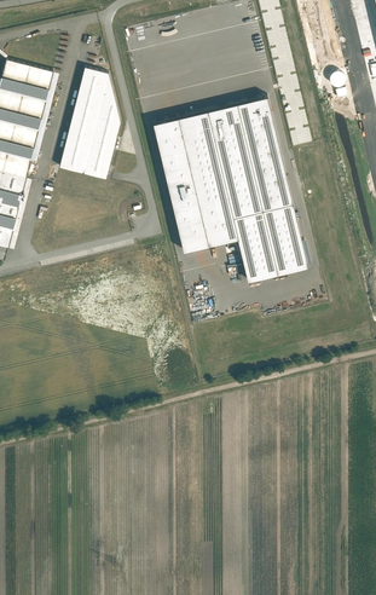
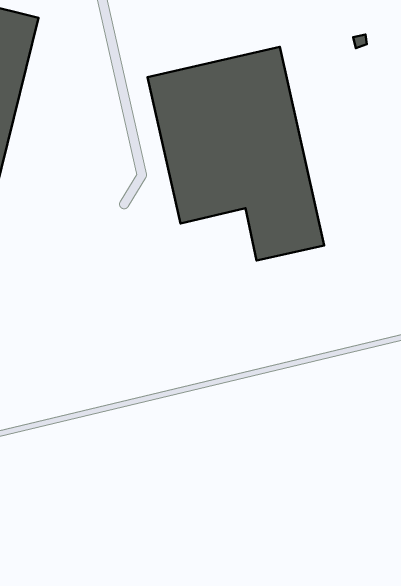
building: [57,64,120,178] -> none

